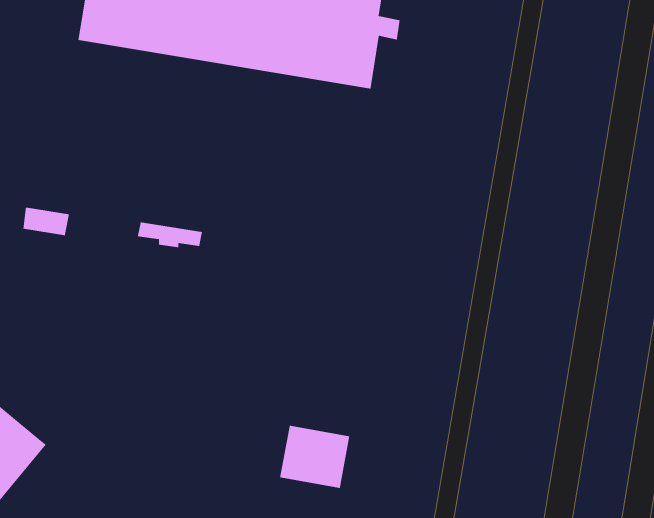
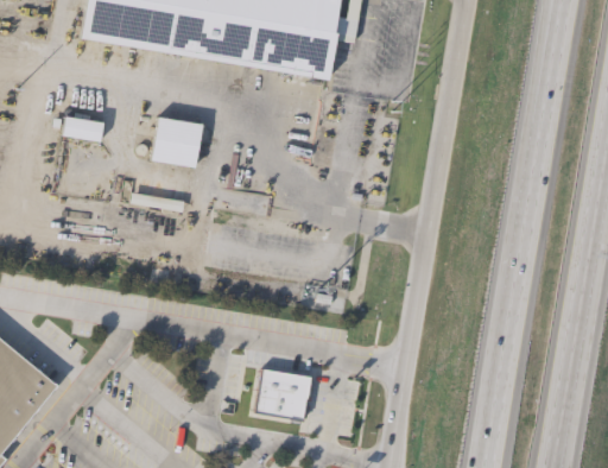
building: none -> [152,118,203,167]
building: [22,207,70,236] -> [63,116,103,141]

